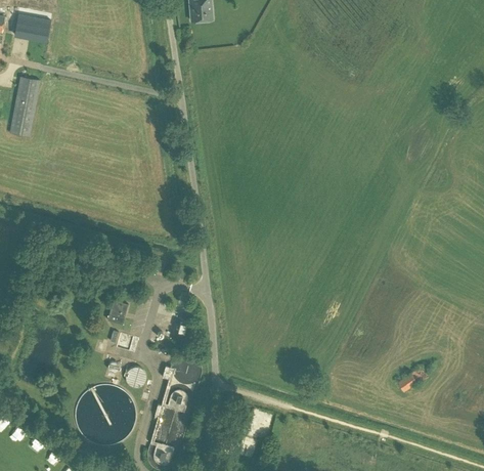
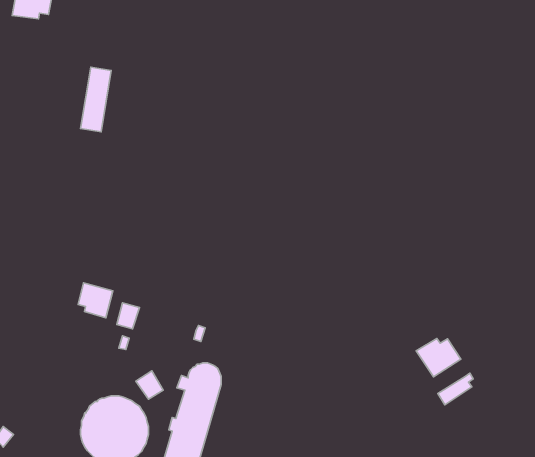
building: [10,76,38,134] -> [81,67,111,132]
building: none -> [78,283,113,318]
building: none -> [416,339,461,377]

